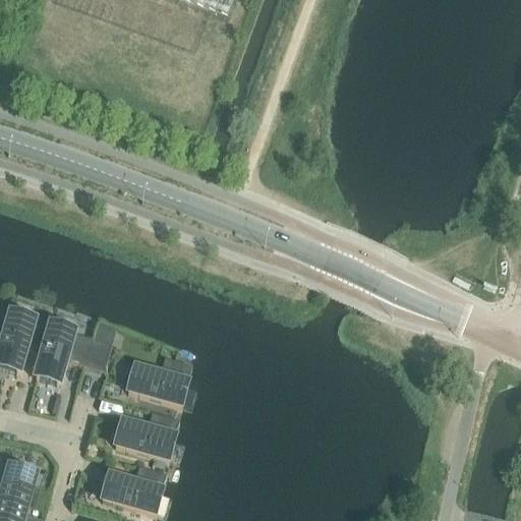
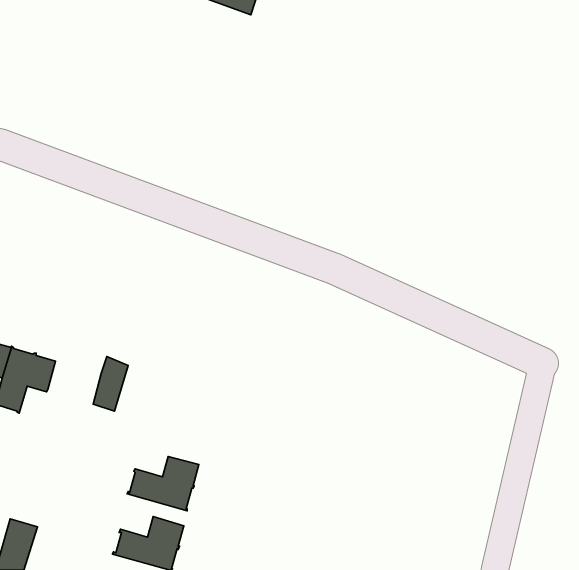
building: [35,322,91,382] -> none
building: [127,355,190,404] -> none

